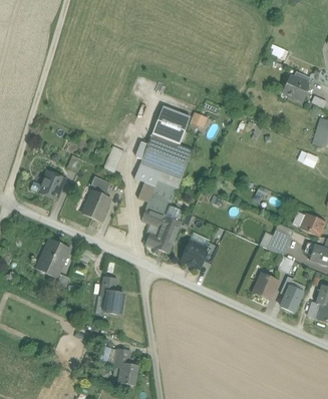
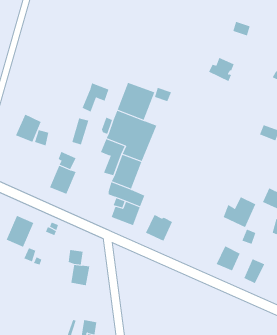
building: [282,76,309,101] -> [208,57,235,82]
building: none -> [82,83,109,113]
building: [38,170,65,200] -> [15,114,42,143]

